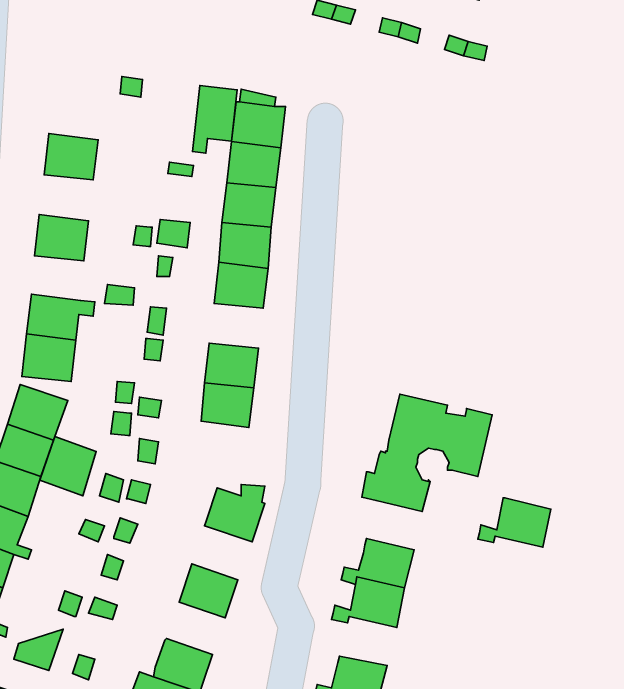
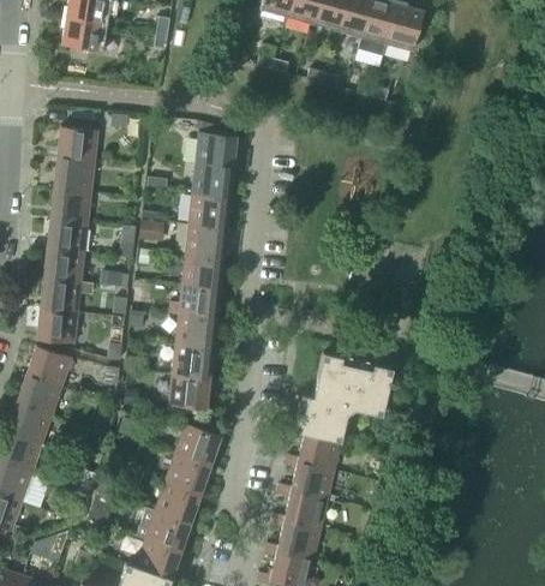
building: [192,85,237,153] -> none
building: none -> [58,126,98,161]
building: none -> [50,187,91,222]
building: none -> [44,249,84,282]
building: none -> [169,285,220,318]
building: none -> [169,373,209,409]
building: [40,437,96,496] -> none
building: [478,498,551,547] -> [285,433,340,471]
building: none -> [166,453,211,494]
building: none -> [137,508,191,550]
building: none -> [264,521,321,558]

